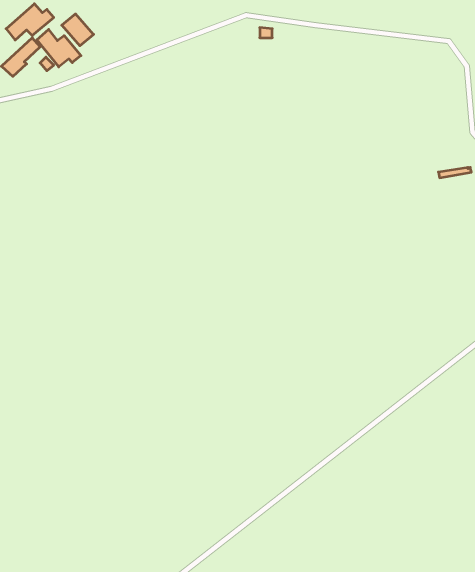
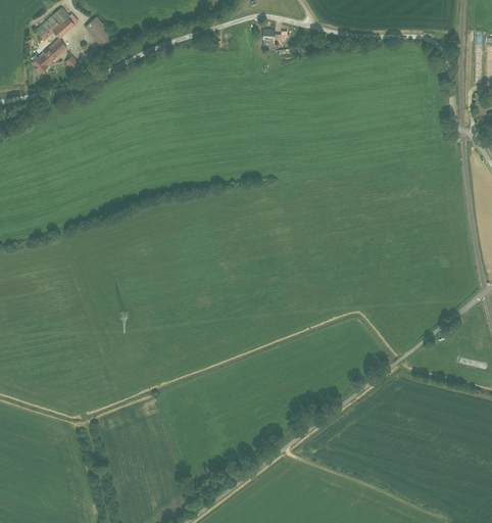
building: [37,29,81,67] -> none

